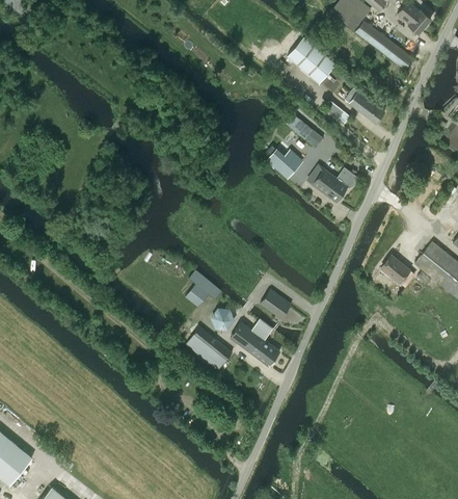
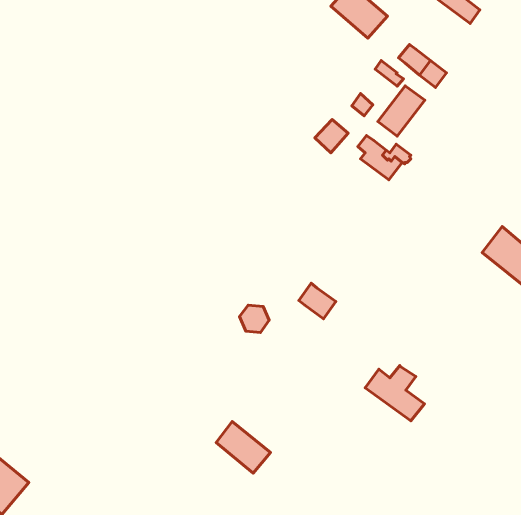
building: none -> [378,86,425,136]
building: [381,255,409,283] -> none
building: [185,270,221,307] -> none
building: [230,319,279,366] -> [365,366,424,421]
building: [186,326,232,370] -> [216,422,270,473]

